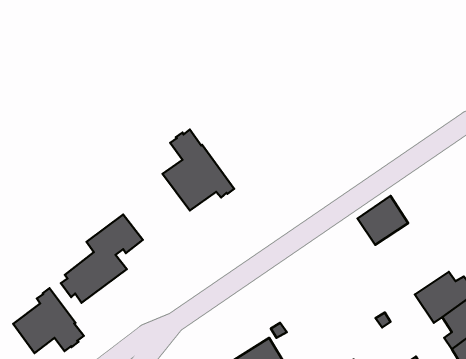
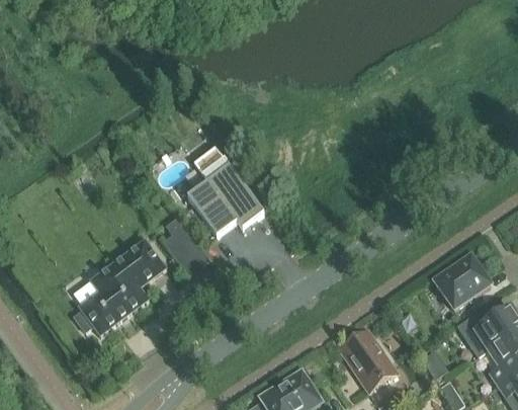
building: [357,196,408,245] -> [435,255,490,308]
building: [13,288,84,353] -> none
building: none -> [340,328,397,390]

